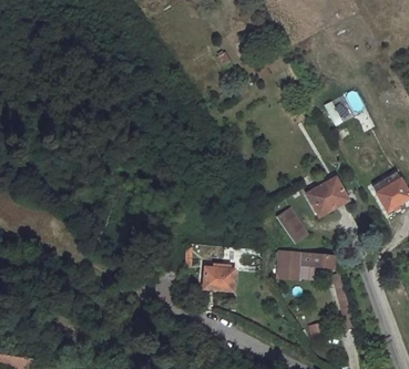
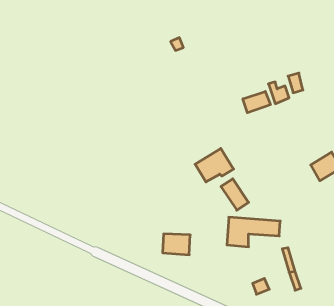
building: none -> [243,91,270,113]
building: [303,175,346,213] -> [195,148,234,182]

